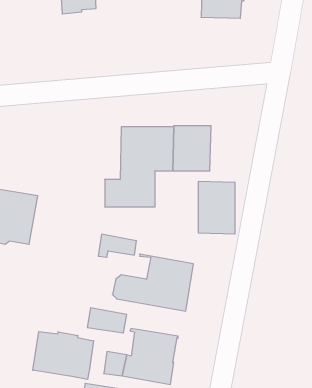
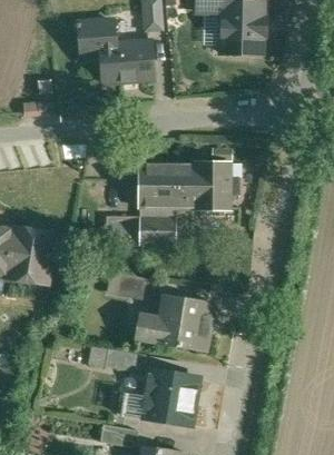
building: none -> [99,40,153,82]
building: [198,181,235,234] -> none
building: [33,332,94,379] -> none

